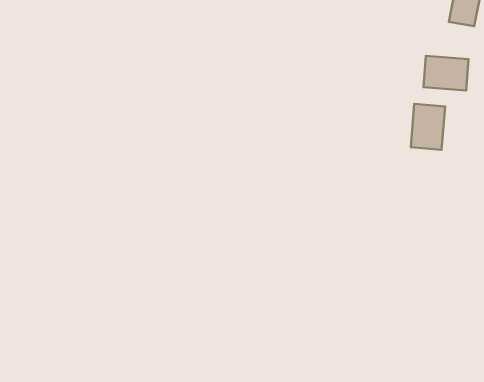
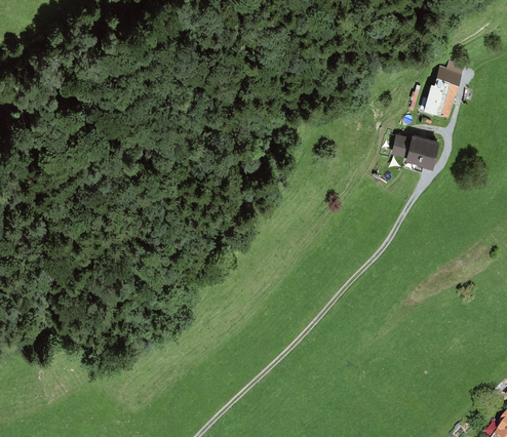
building: [411,104,445,150] -> none

